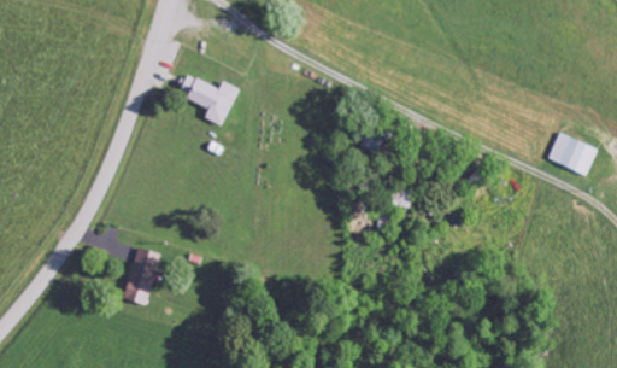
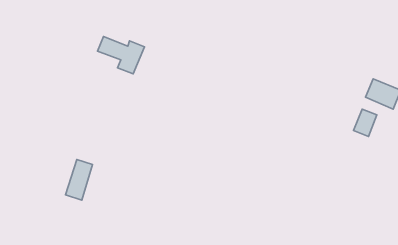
building: none -> [354,109,377,137]

